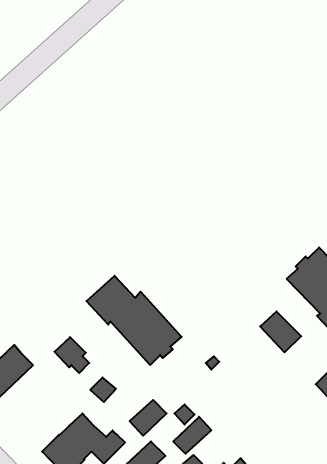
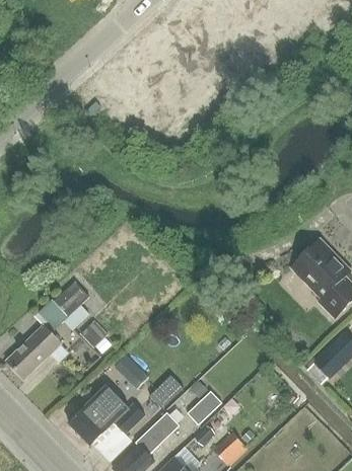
building: [86,276,182,365] -> none
building: none -> [52,281,88,329]
building: [260,311,301,352] -> none

